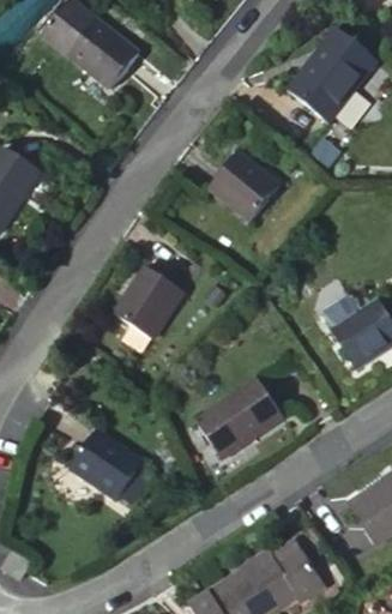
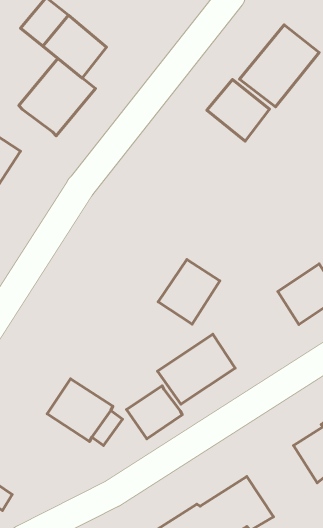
building: none -> [19,58,95,136]
building: [209,151,279,221] -> [207,79,270,141]
building: [113,265,182,338] -> [158,259,220,324]
building: none -> [127,386,182,439]

